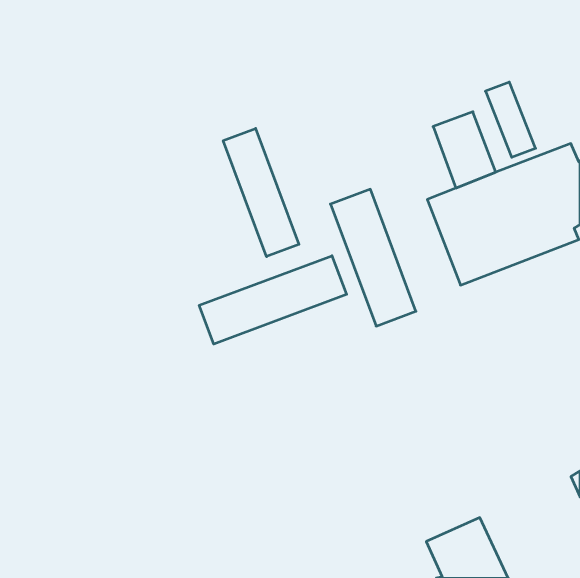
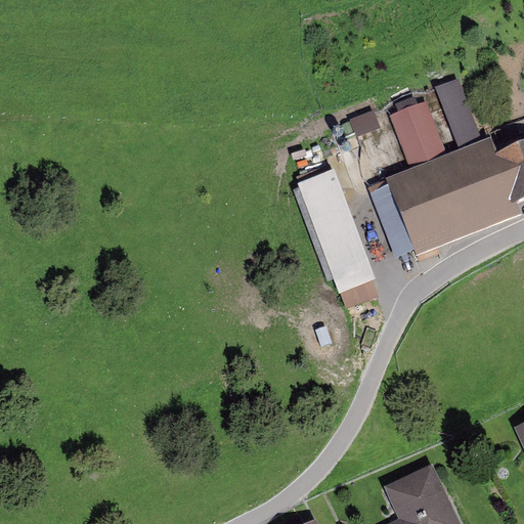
building: [223,128,299,257] -> none
building: [199,256,347,344] -> none

